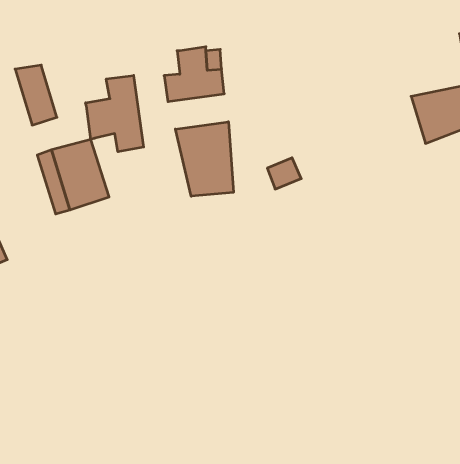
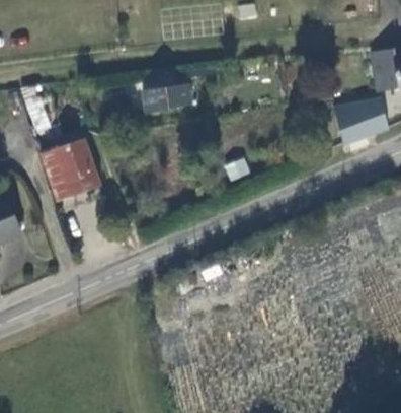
building: [86,75,144,152] -> none
building: [175,122,233,196] -> none

